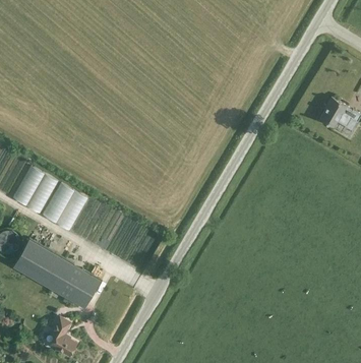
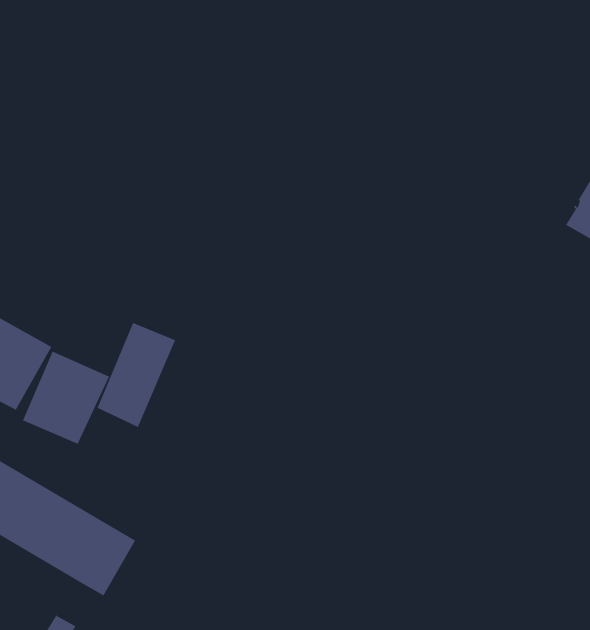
building: none -> [97,322,176,428]

